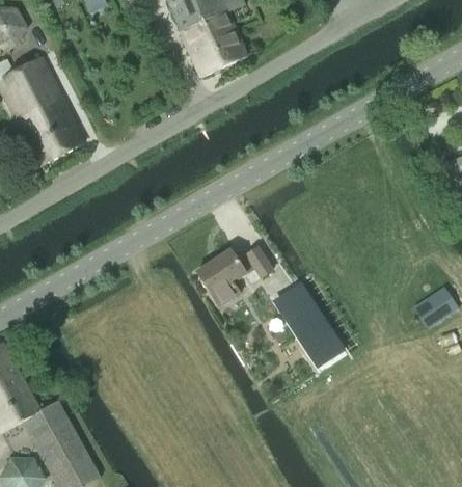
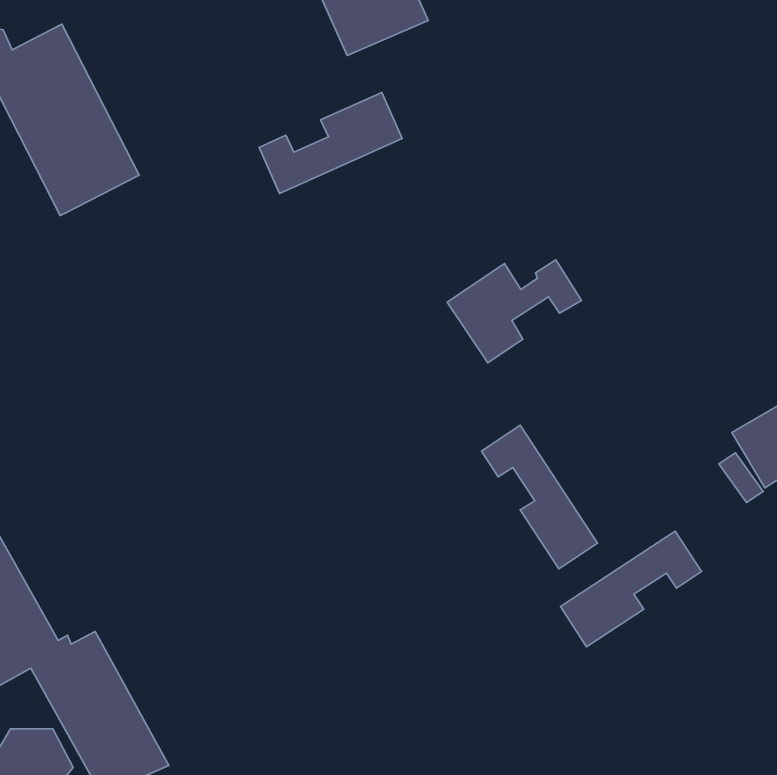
building: none -> [259,92,402,194]
building: [196,247,272,305] -> [447,260,582,363]
building: none -> [560,531,701,647]

